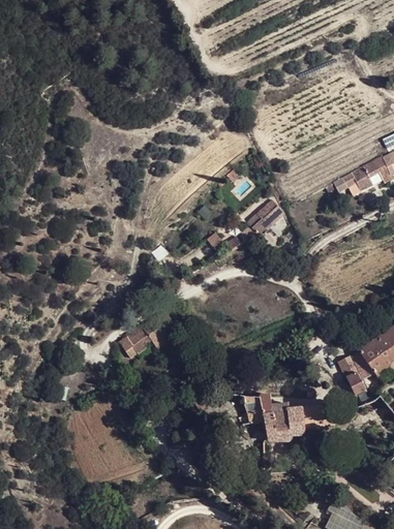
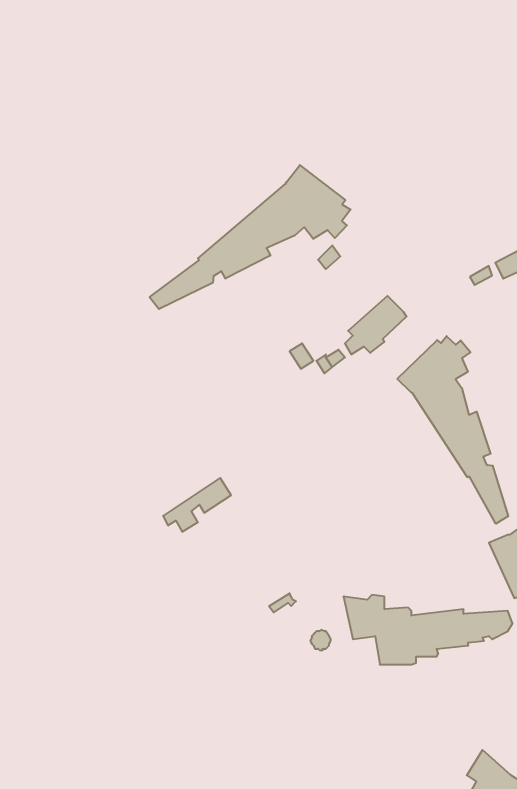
building: none -> [150,165,351,309]
building: none -> [397,336,508,524]

